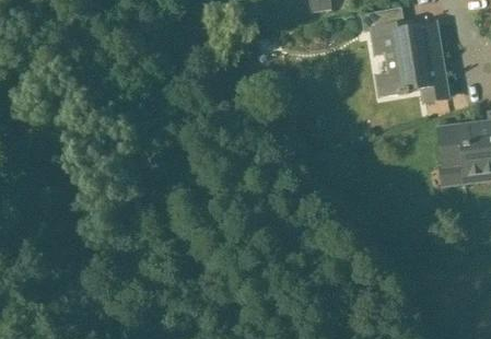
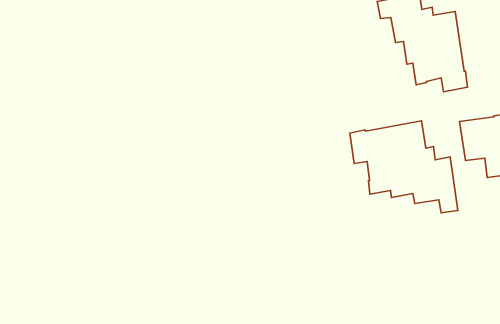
building: none -> [350,121,458,213]

